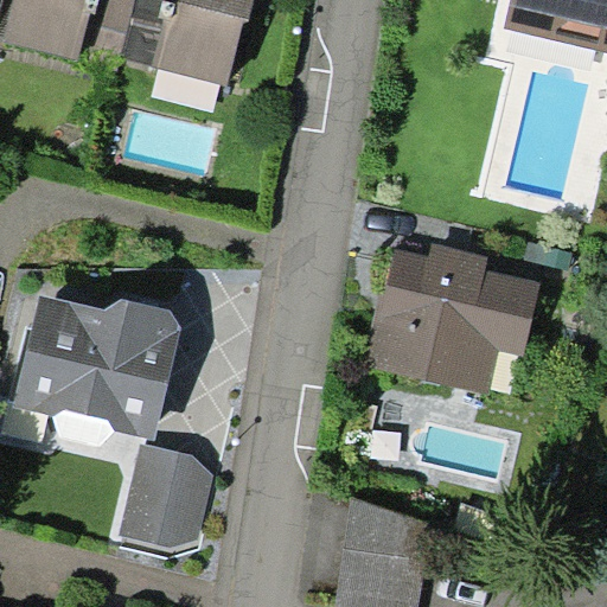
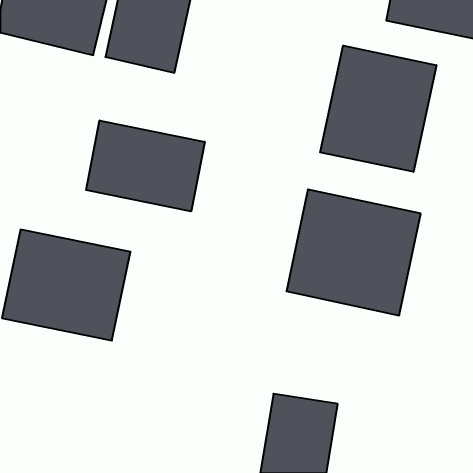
building: none -> [320,46,436,172]
building: none -> [86,120,205,211]
building: [126,447,223,547] -> none

